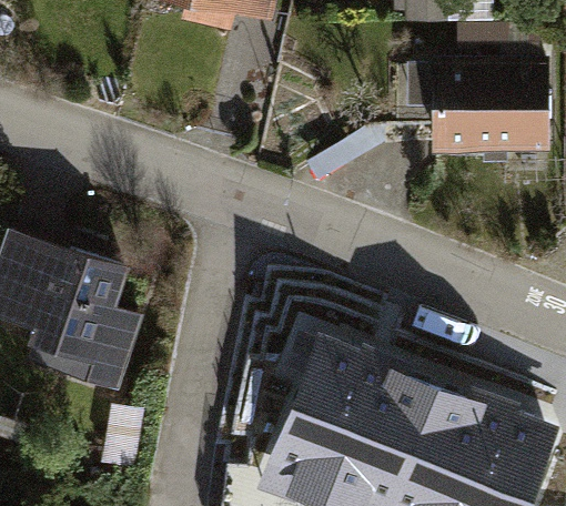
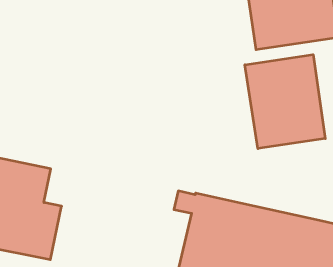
building: none -> [245,55,325,149]

